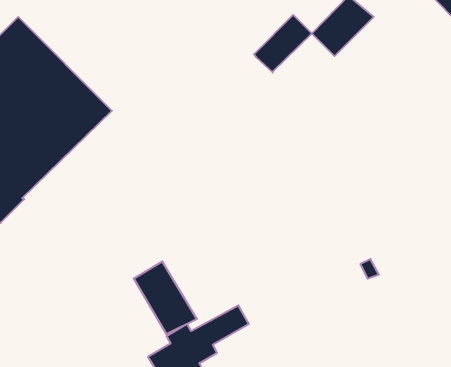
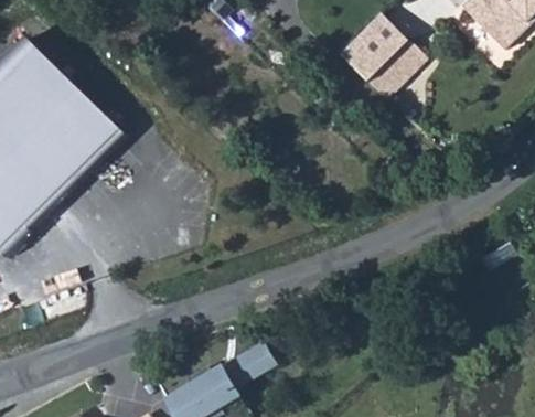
building: [254,15,312,73] -> [364,35,426,97]
building: [134,261,197,334] -> none

